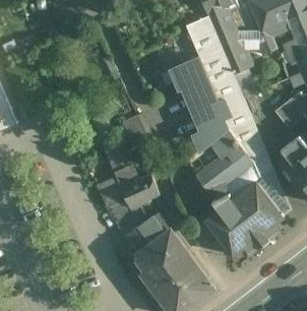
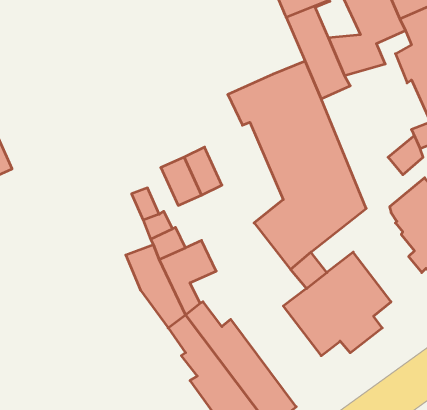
building: [184,16,221,58] -> none

